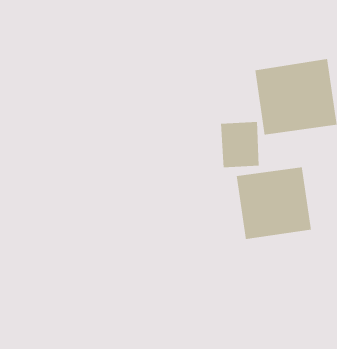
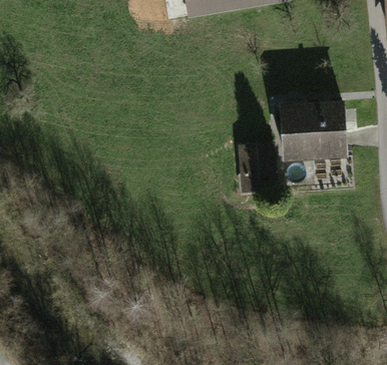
building: [236,167,311,240] -> none

